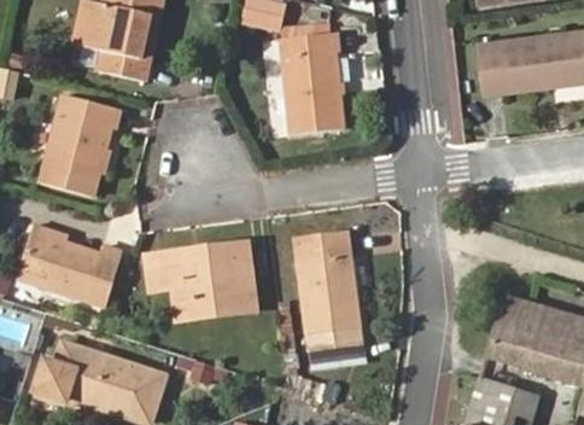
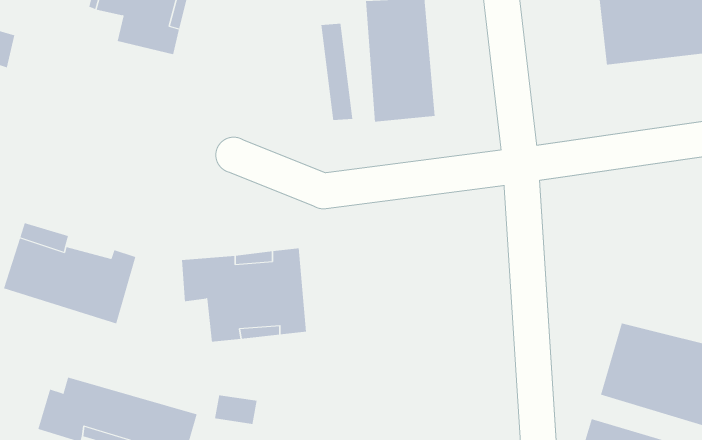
building: [37,93,111,198] -> none
building: [294,232,357,350] -> none

